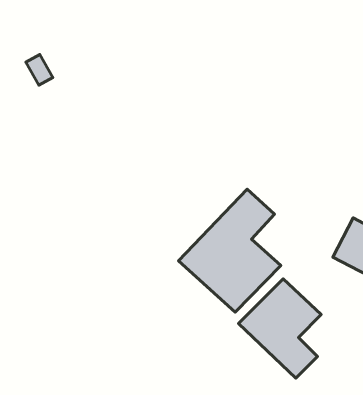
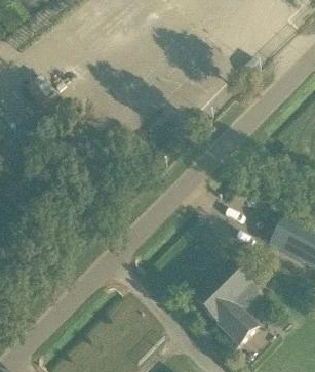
building: [179,189,281,312] -> none

